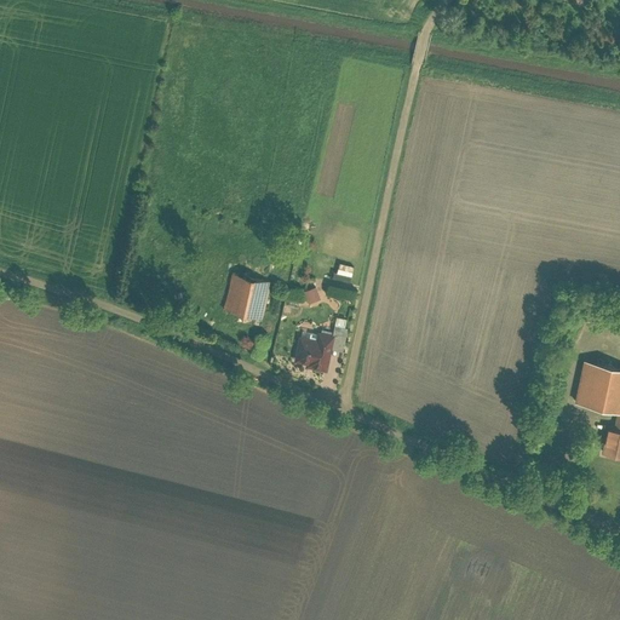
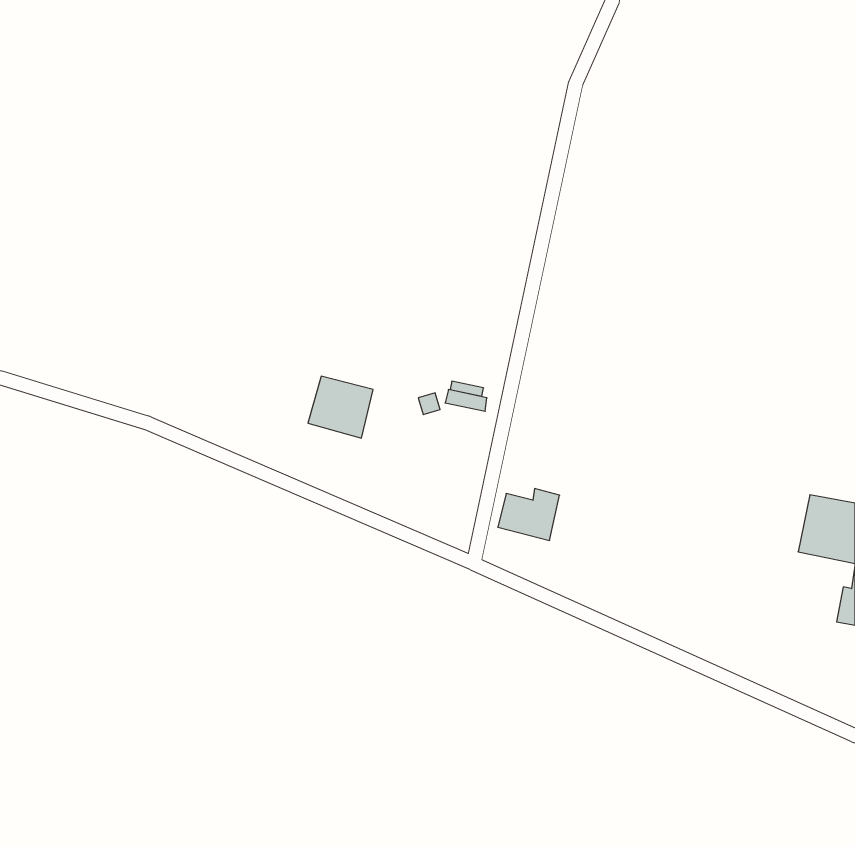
building: [293,331,338,368] -> [498,489,560,540]

